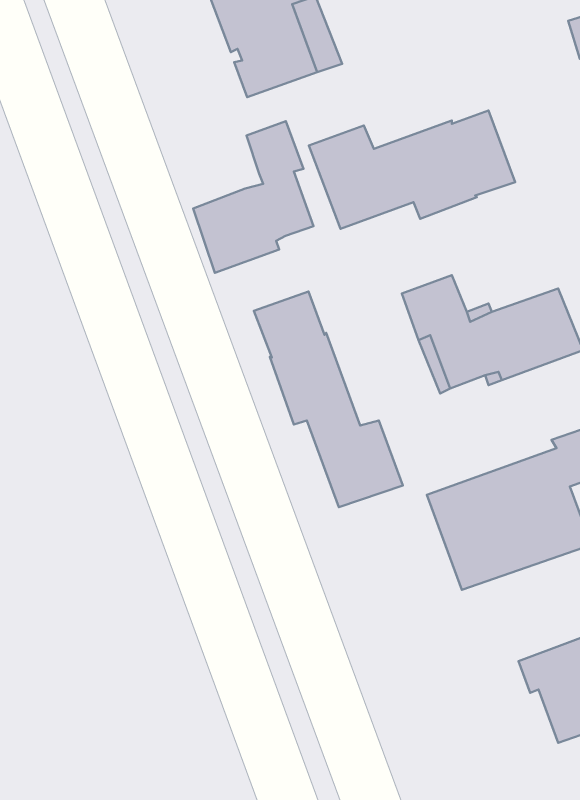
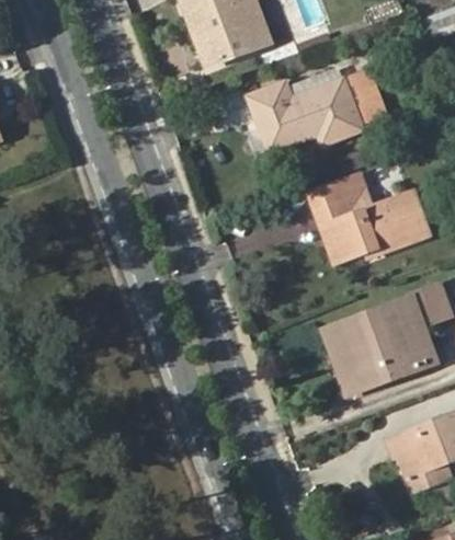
building: [193,121,313,273] -> none
building: [254,292,403,507] -> none

